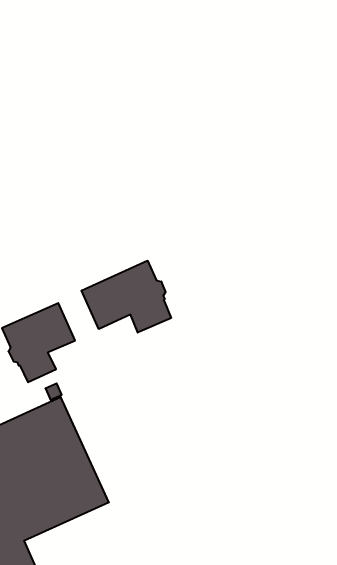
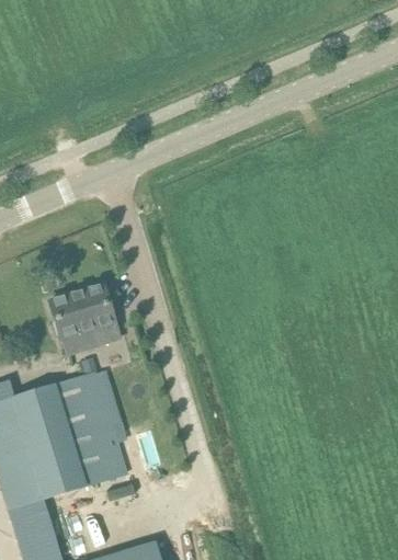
building: [82,261,171,333] -> none

